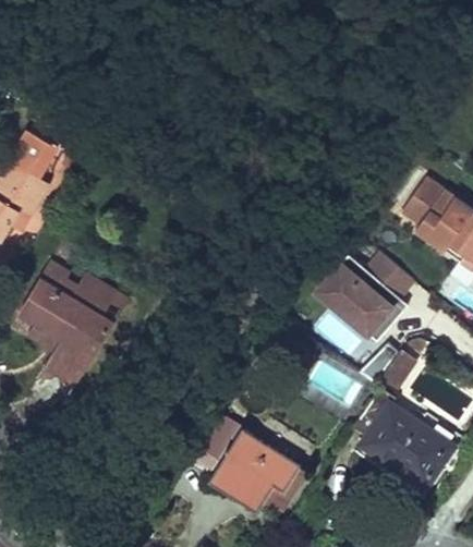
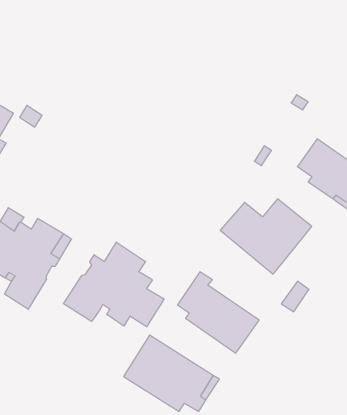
building: none -> [63,242,164,327]
building: [354,389,453,488] -> [178,272,259,353]

